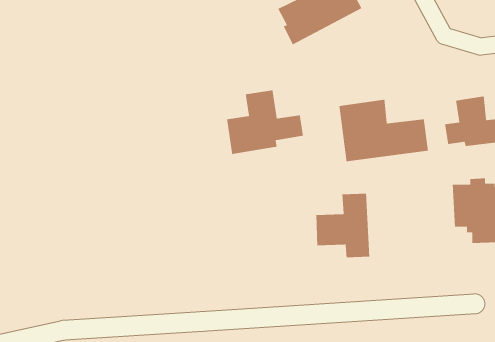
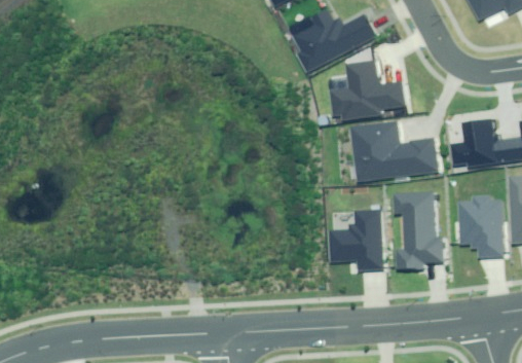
building: [226,89,304,155] -> [332,60,405,121]
building: none -> [397,191,443,267]

